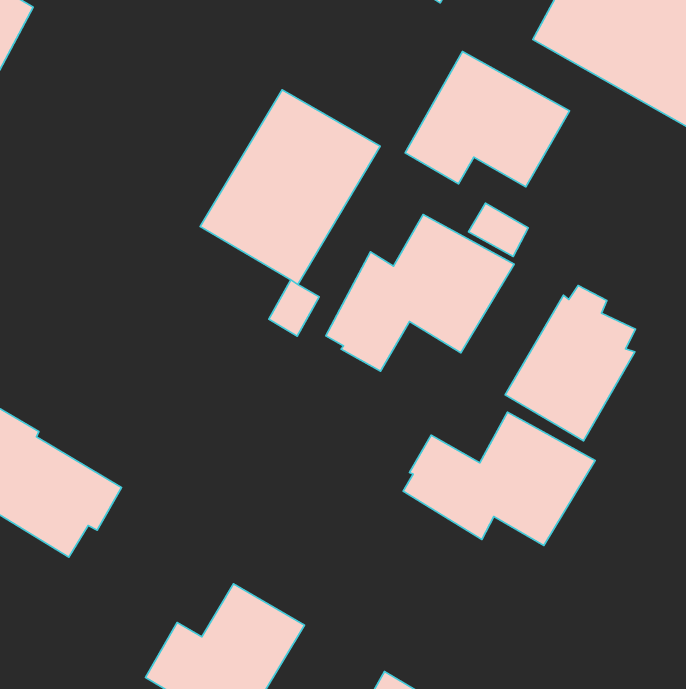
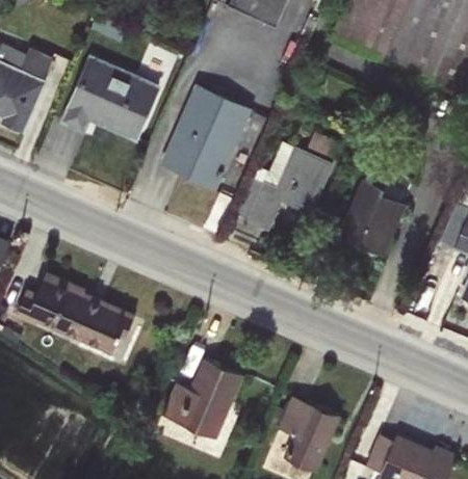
building: none -> [58,55,162,143]
building: [405,52,569,187] -> none
building: [403,412,595,546] -> none

